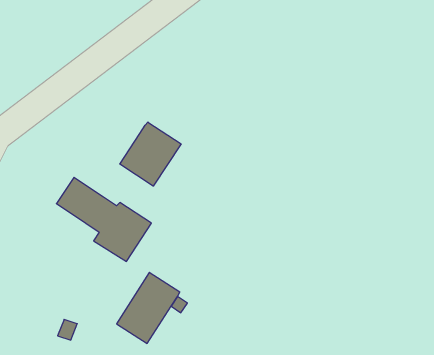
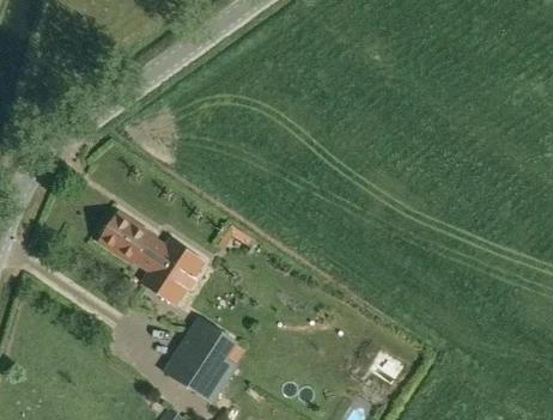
building: [120,122,181,186] -> none

